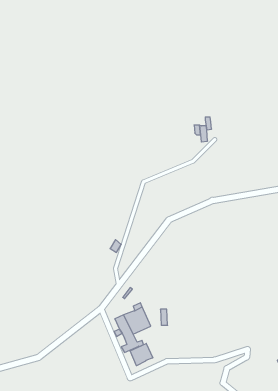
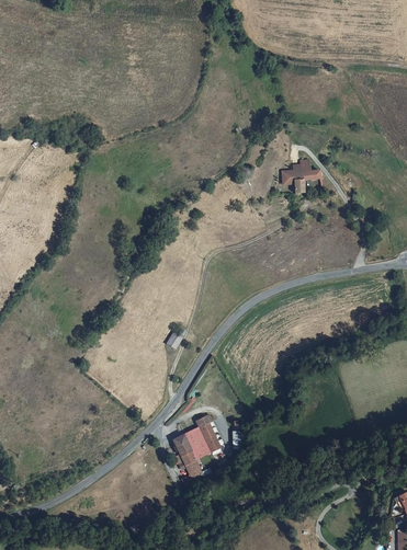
building: [130,343,153,366] -> none

